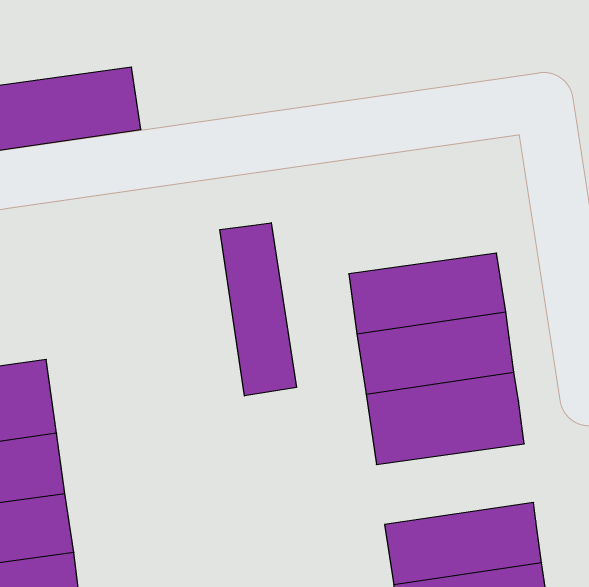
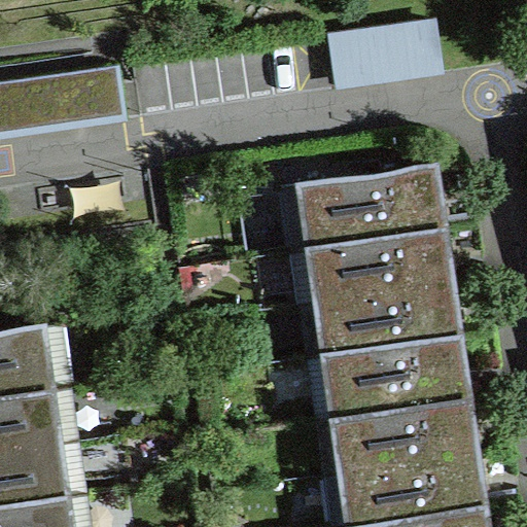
building: none -> [328,22,444,89]
building: none -> [301,163,443,247]
building: [220,223,296,396] -> none
building: none -> [336,398,476,470]

